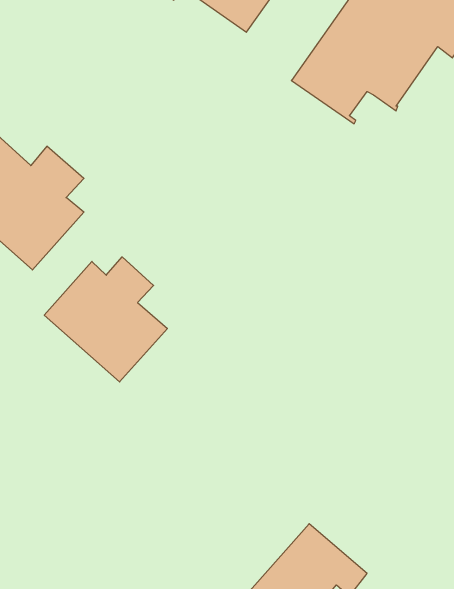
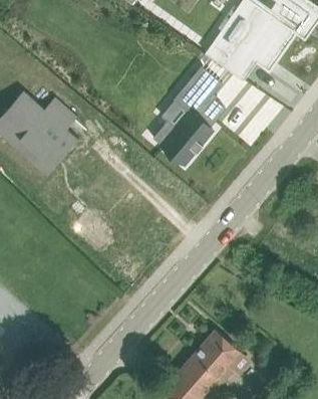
building: none -> [153,66,224,164]
building: [44,257,167,382] -> none

